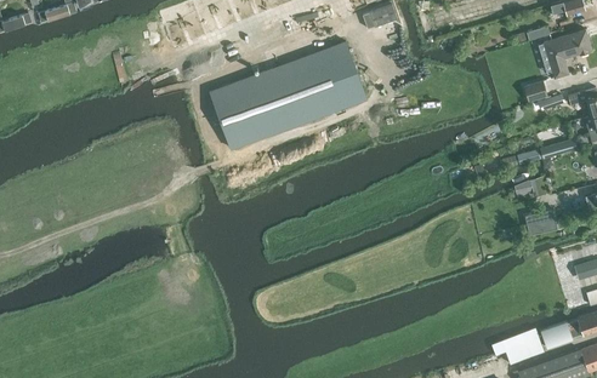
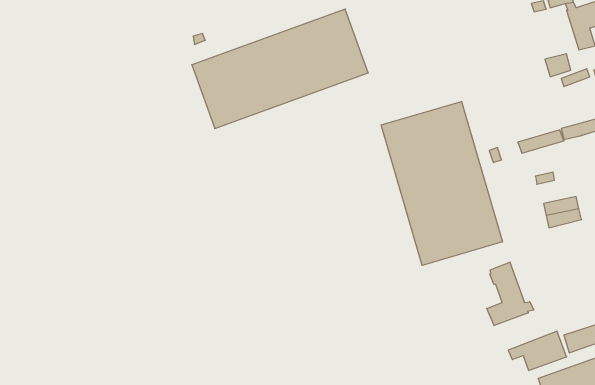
building: none -> [381,101,502,265]
building: none -> [487,262,534,326]

